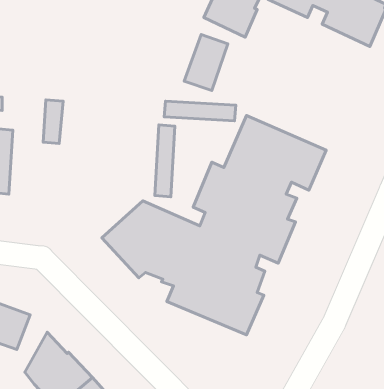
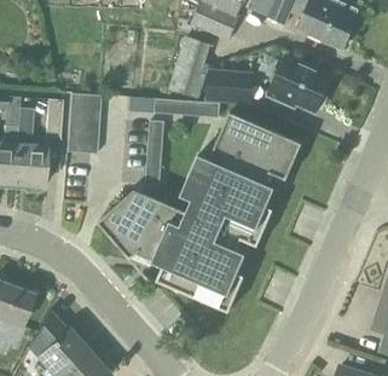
building: none -> [268,56,331,111]
building: none -> [208,68,254,98]
building: none -> [66,94,100,155]
building: none -> [13,126,46,192]

